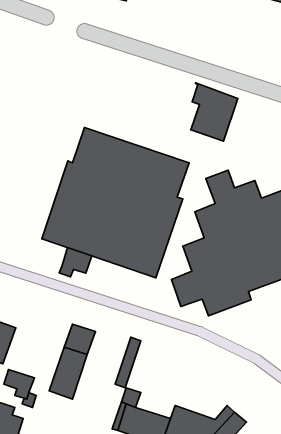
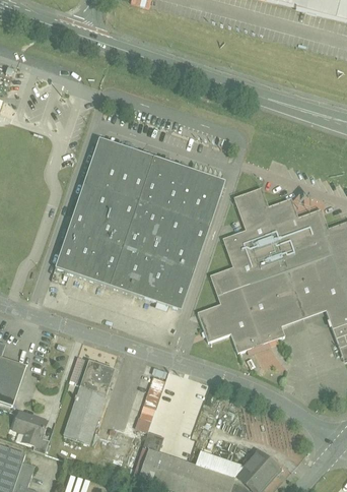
building: [191,83,238,141] -> none
building: [59,248,92,277] -> none

